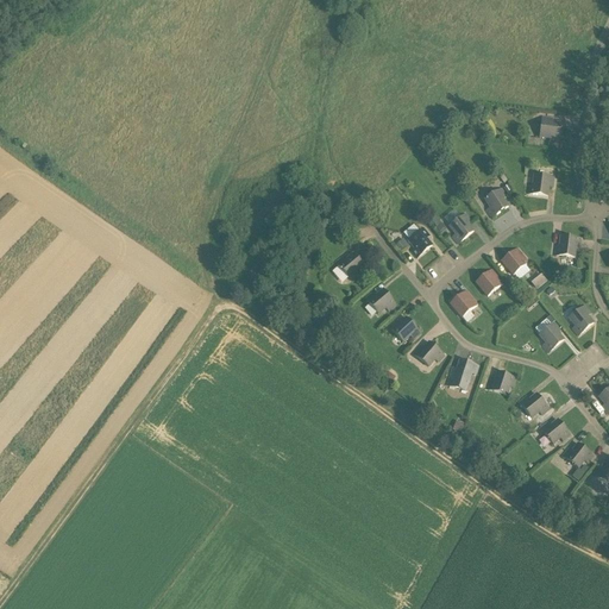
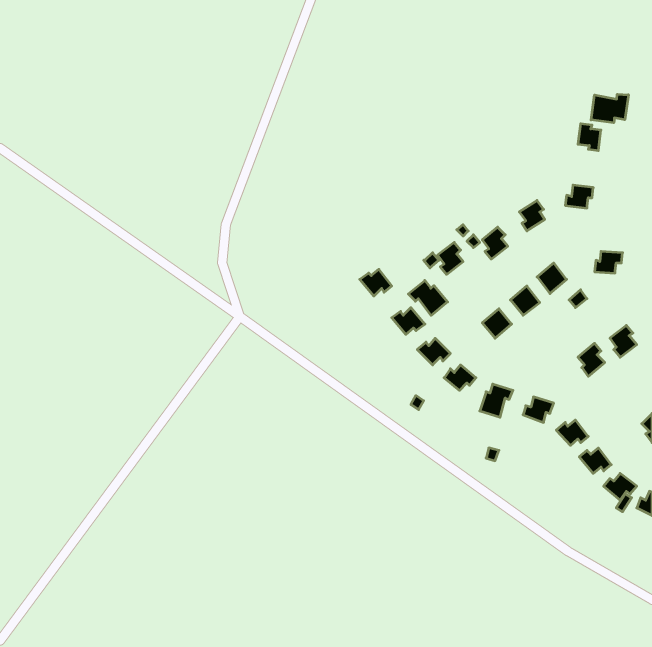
building: none -> [591,94,628,123]
building: none -> [408,280,448,315]

